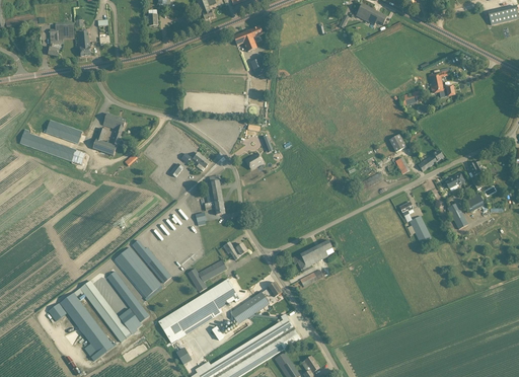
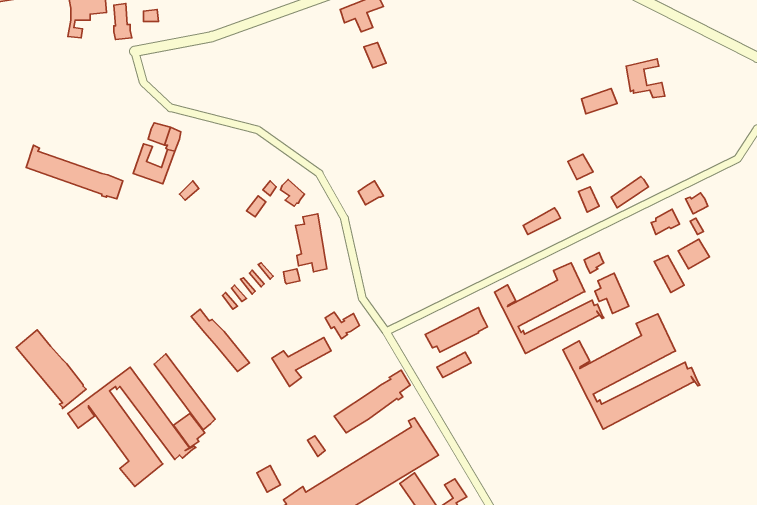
building: [45,120,82,144] -> none
building: none -> [494,263,604,353]
building: none -> [563,314,700,429]
building: [115,247,162,301] -> [16,330,86,409]
building: [157,279,240,341] -> none

